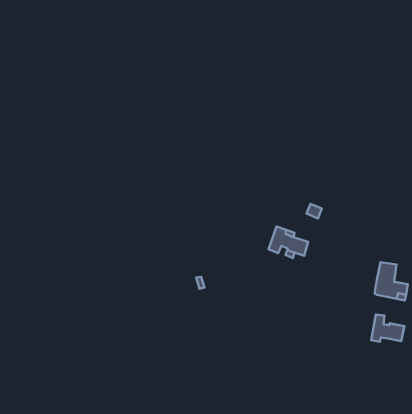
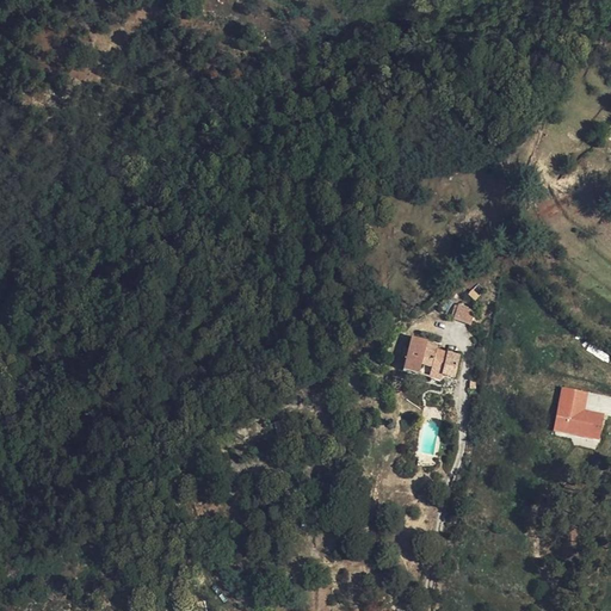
building: [371,315,404,342] -> none

